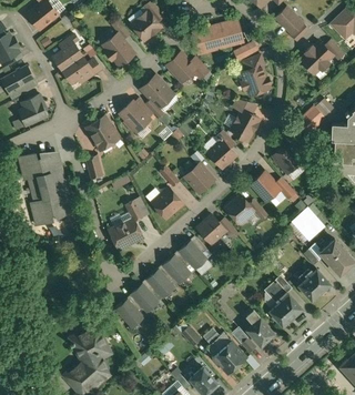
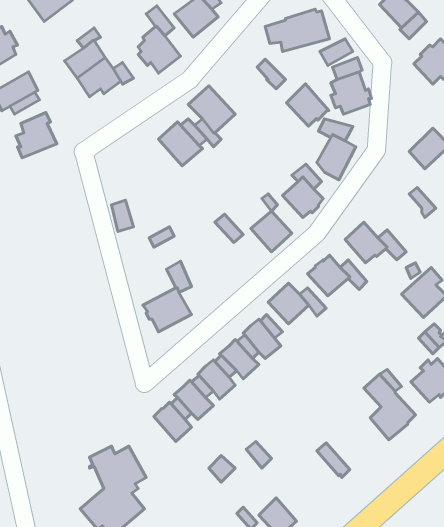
building: [168,52,197,82] -> [287,84,329,126]
building: [87,117,120,150] -> none
building: [273,144,303,173] -> none
building: [19,154,70,225] -> none
building: [152,189,183,219] -> none
building: [245,311,273,344] -> none
building: [206,333,246,374] -> none

